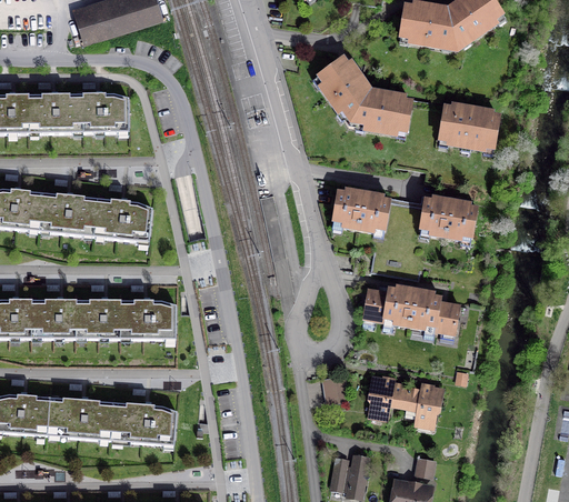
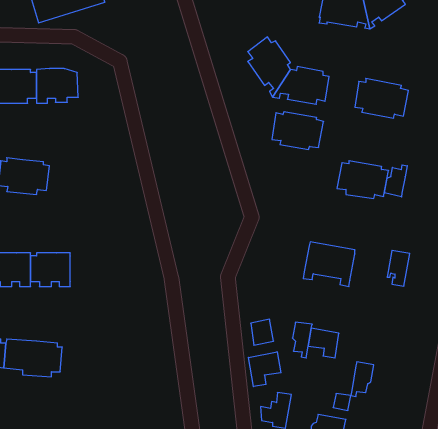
building: [332,189,390,231] -> [272,112,324,149]
building: [93,199,152,240] -> none
building: none -> [385,165,407,197]
building: [361,289,388,327] -> none
building: [120,300,176,339] -> none
building: [433,301,459,341] -> [387,250,410,286]
building: [416,385,441,424] -> [351,362,374,397]
building: [109,402,176,443] -> none
building: none -> [248,352,281,387]

